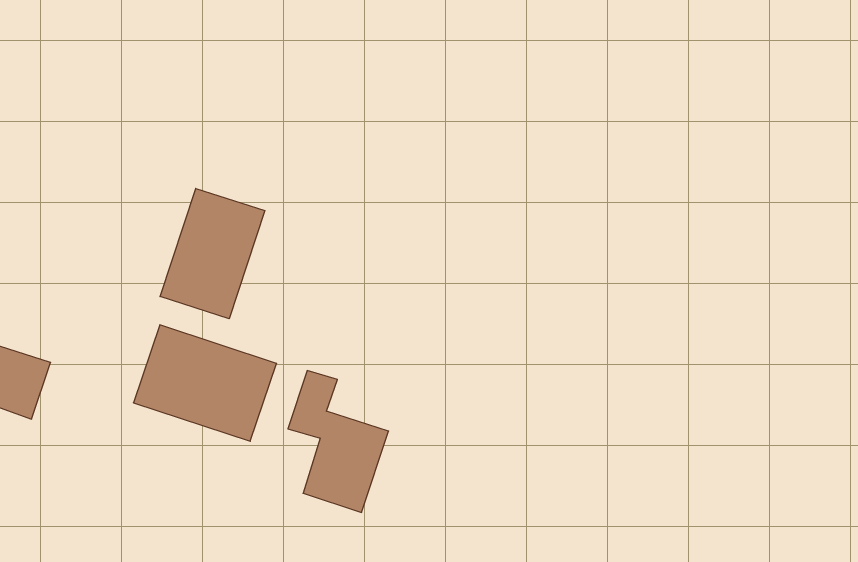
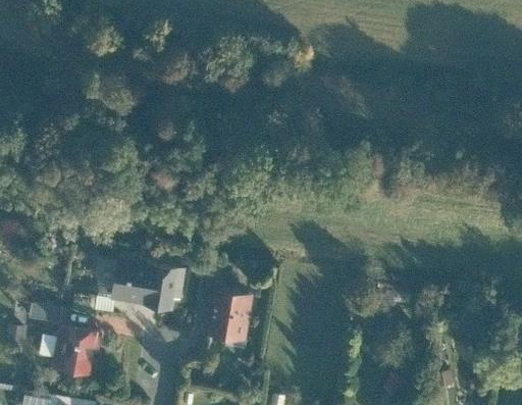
building: [160,188,265,319] -> none
building: none -> [54,330,98,374]

